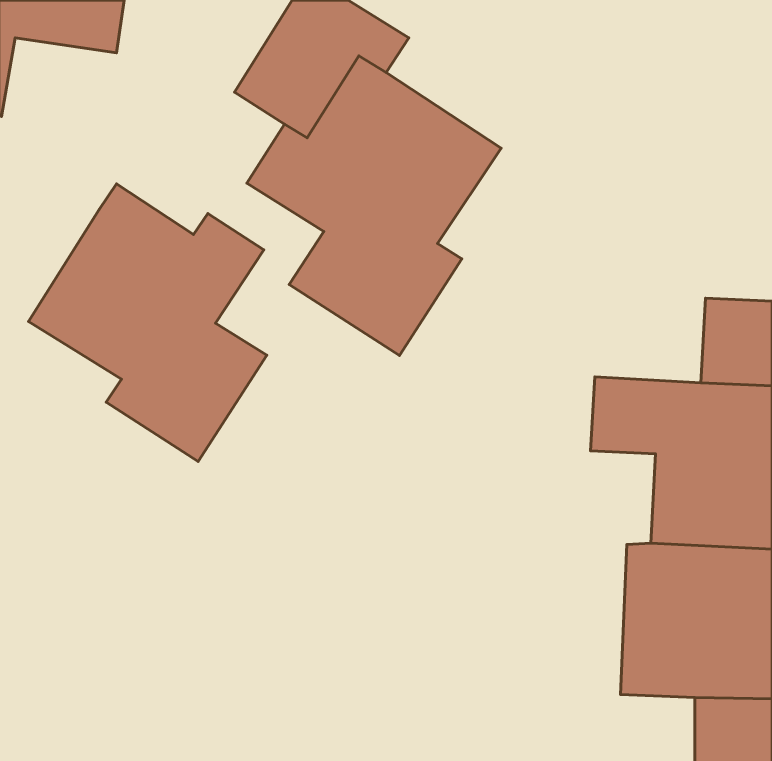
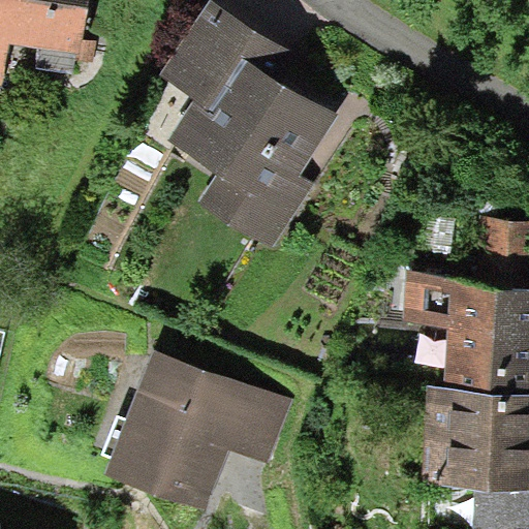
building: [29,184,267,462] -> none
building: none -> [110,361,291,517]

